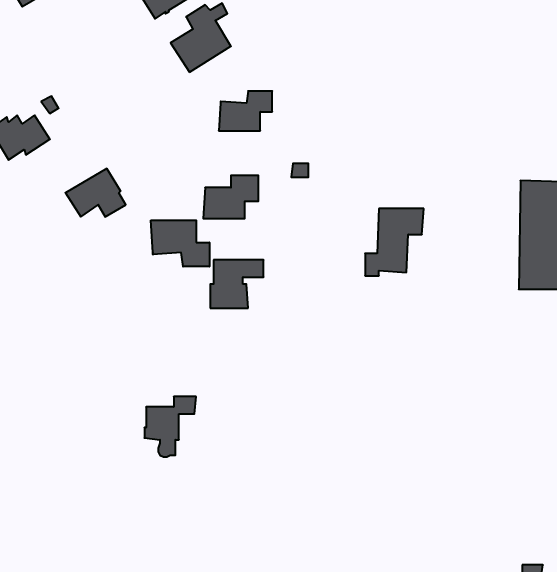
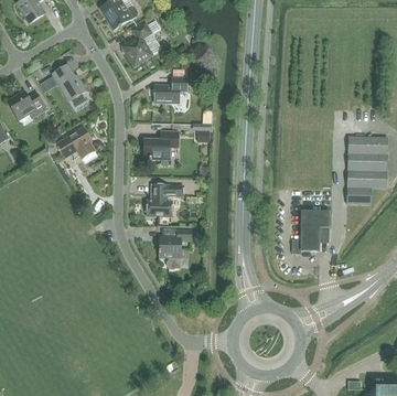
building: none -> [51,62,85,99]
building: [365,209,424,276] -> [290,210,328,253]
building: [151,220,209,267] -> none
building: [144,397,196,457] -> [159,228,192,267]

